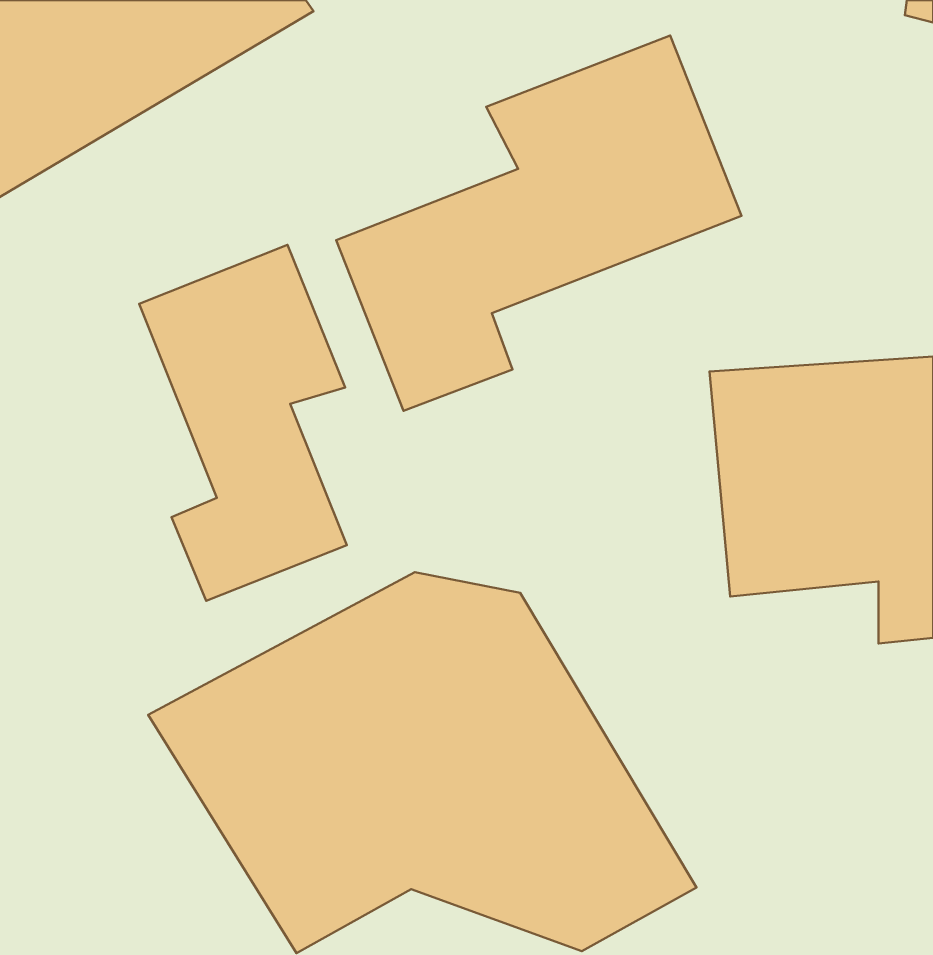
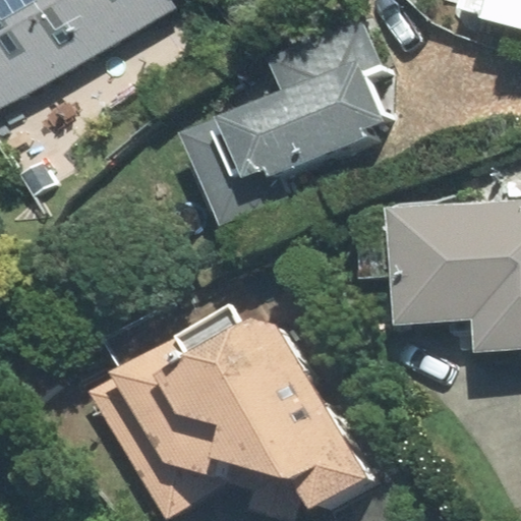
building: [139,245,347,601] -> none

